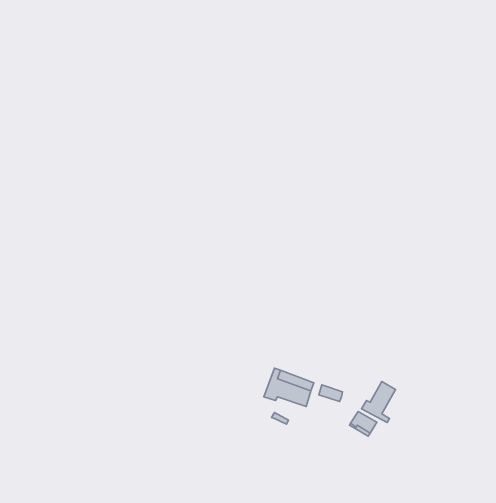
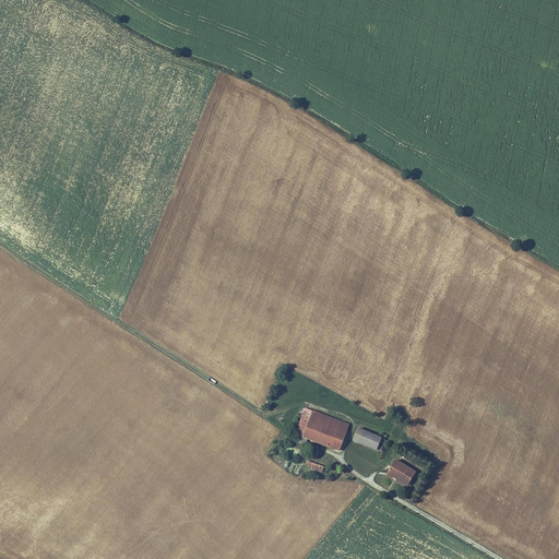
building: [362,381,395,423] -> none

